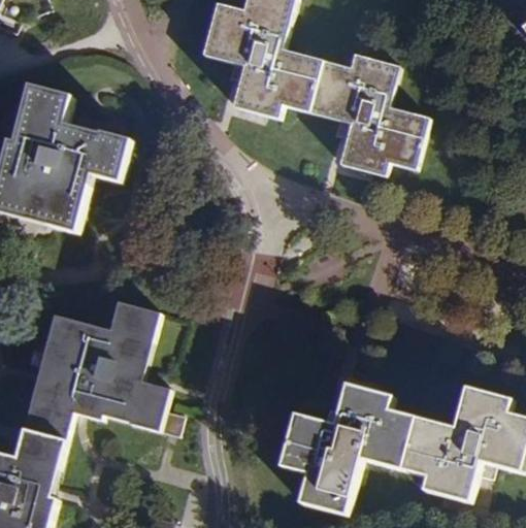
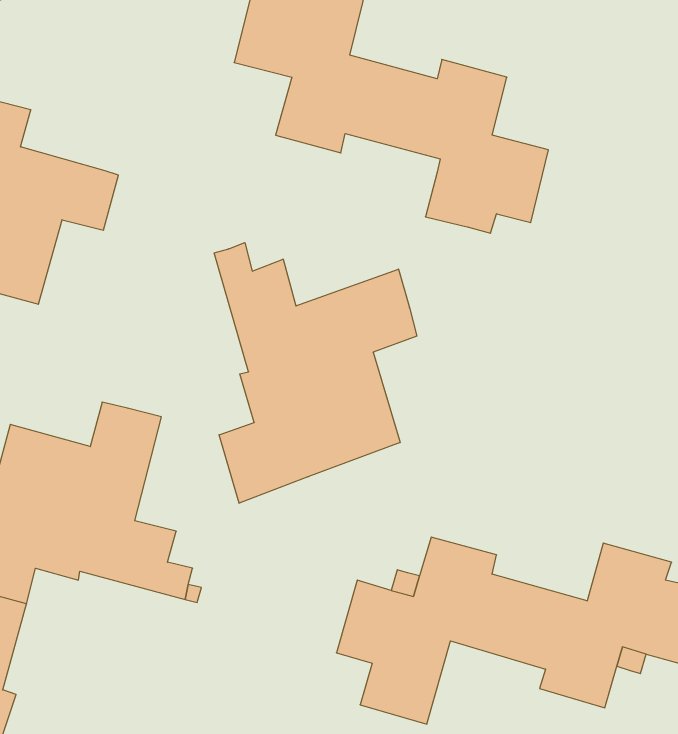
building: none -> [214,243,417,503]

